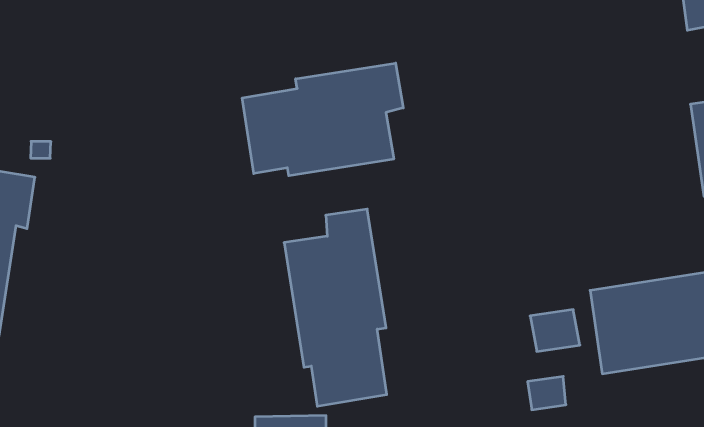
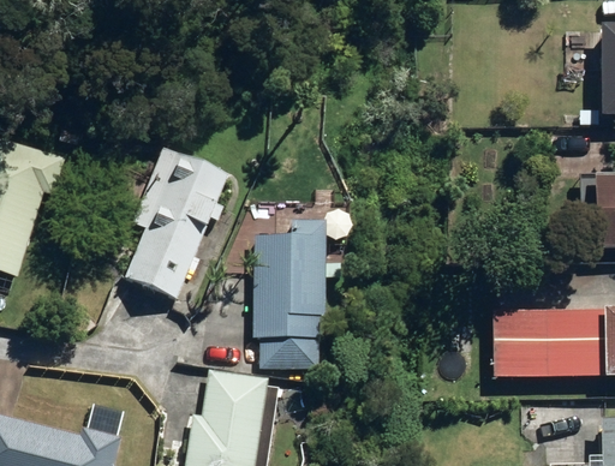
building: [242,63,403,176] -> none
building: none -> [124,148,228,298]

